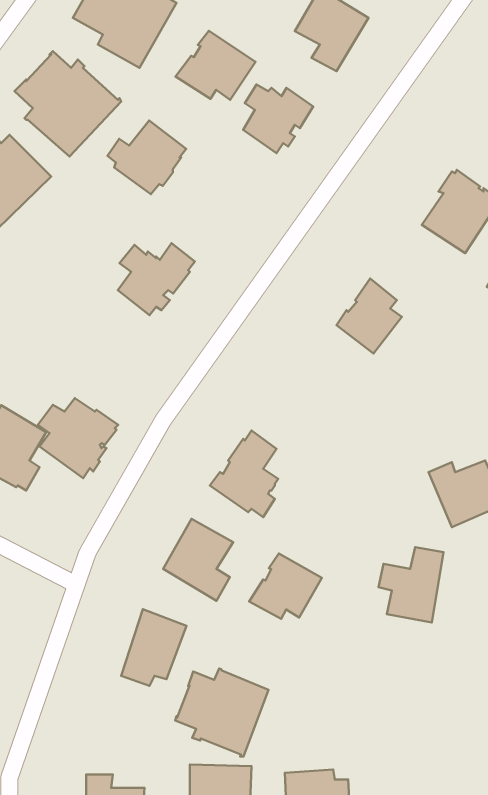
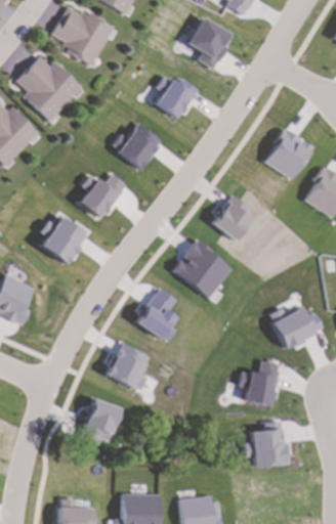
building: [175,31,256,100] -> none
building: [108,121,186,194] -> [114,124,162,169]
building: none -> [173,241,230,298]
building: [38,398,118,478] -> [38,216,87,265]
building: [249,554,322,619] -> none
building: none -> [244,422,289,467]
building: [175,669,269,756] -> none

